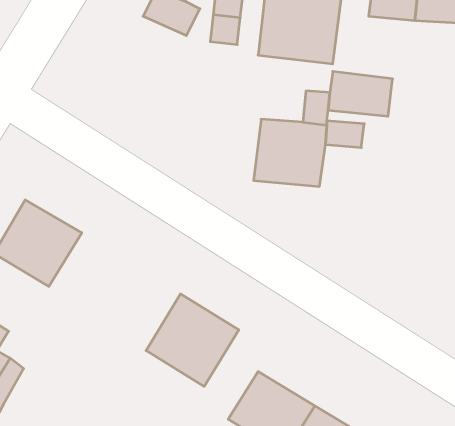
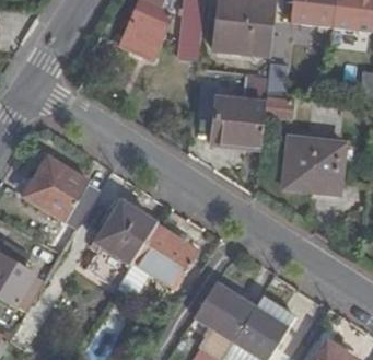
building: none -> [119,22,163,62]
building: none -> [283,138,343,194]
building: none -> [95,201,159,267]

